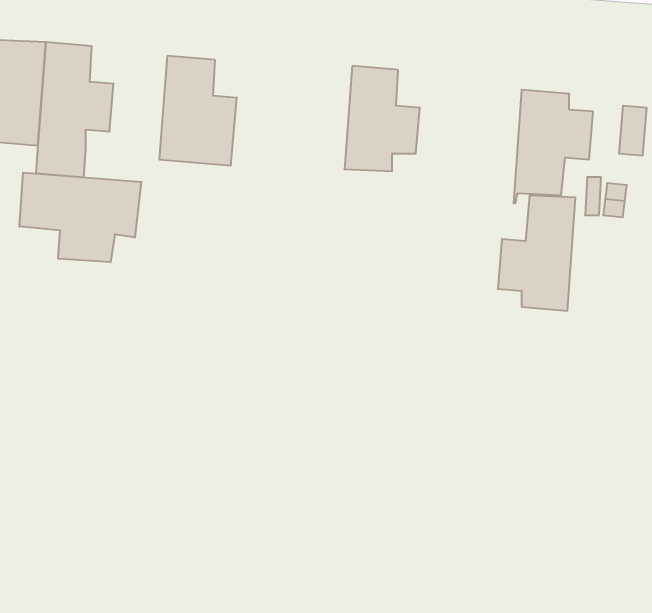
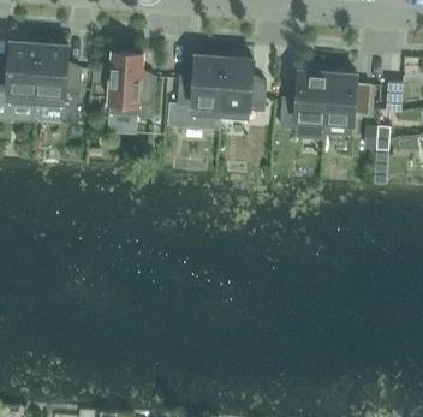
building: none -> [178,55,225,120]
building: [19,173,141,262] -> none
building: [498,195,575,311] -> [280,71,327,141]

